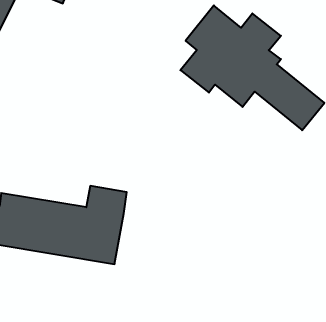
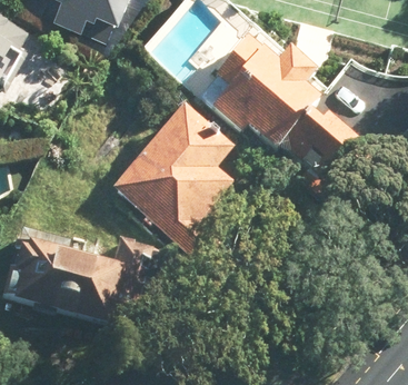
building: none -> [113,102,232,240]

